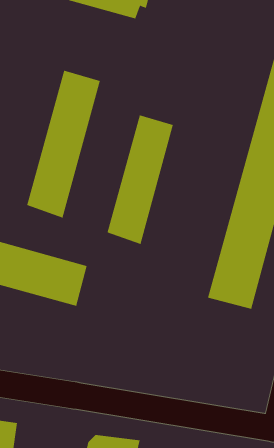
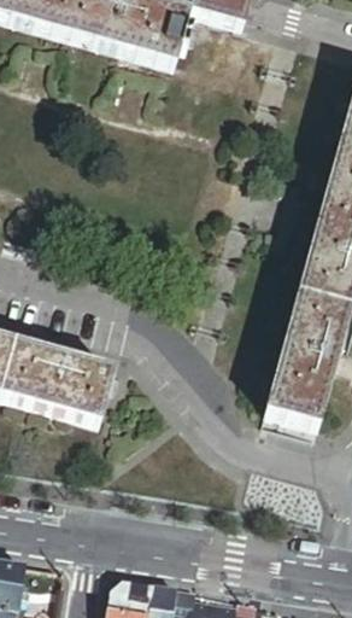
building: [26,70,100,219] -> none
building: [107,115,174,245] -> none

